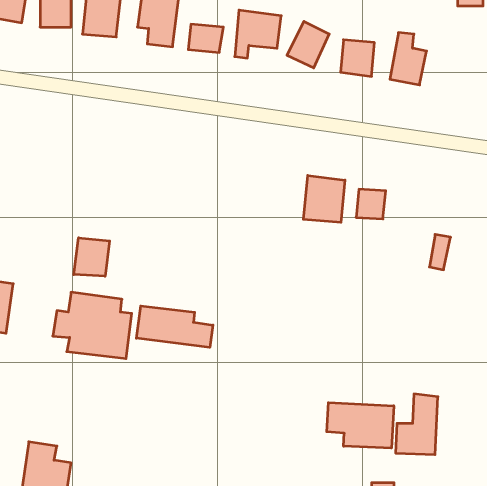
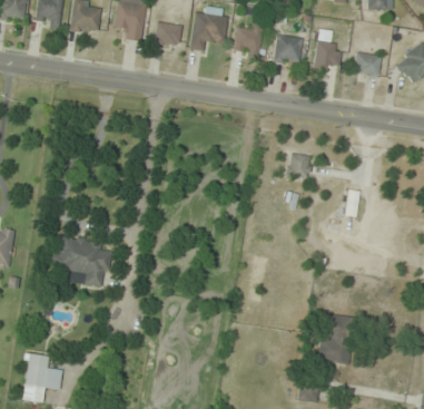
building: none -> [354,52,382,76]
building: [303,175,345,222] -> none
building: [74,238,110,276] -> none
building: [136,306,213,347] -> none
building: [327,403,394,448] -> none

